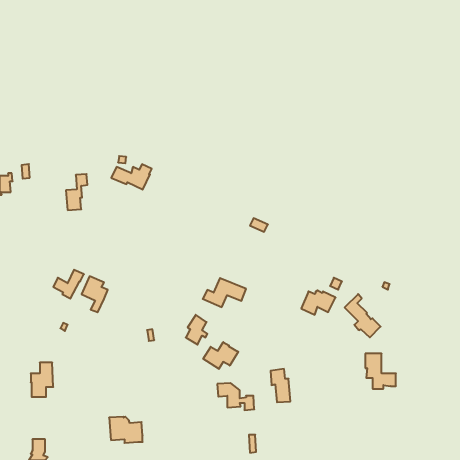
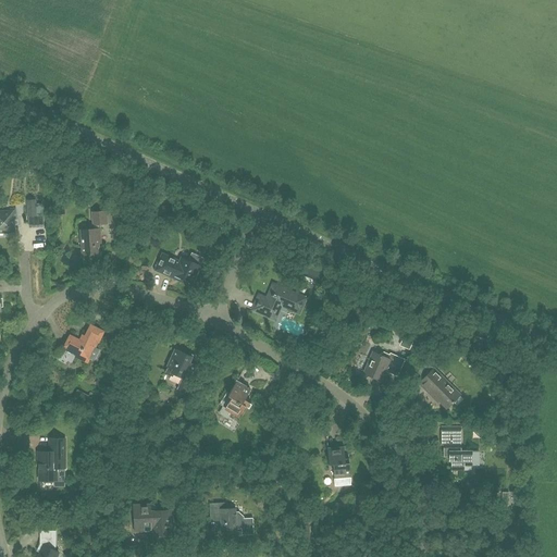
building: [111,164,152,190] -> [153,252,202,283]
building: [82,276,108,312] -> [164,348,196,392]
building: [203,278,246,307] -> [251,284,304,319]
building: [203,342,238,369] -> none
building: [217,383,254,410] -> [208,502,252,534]

